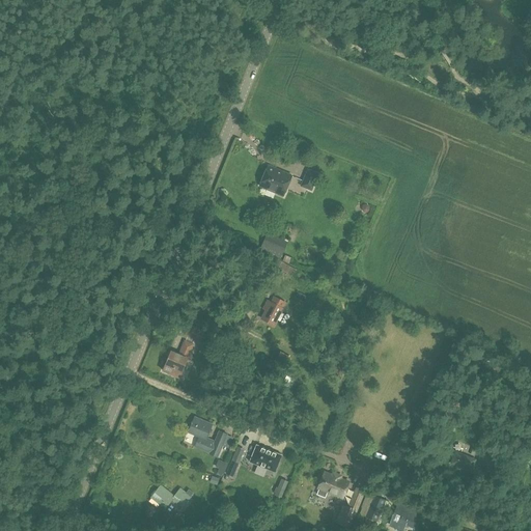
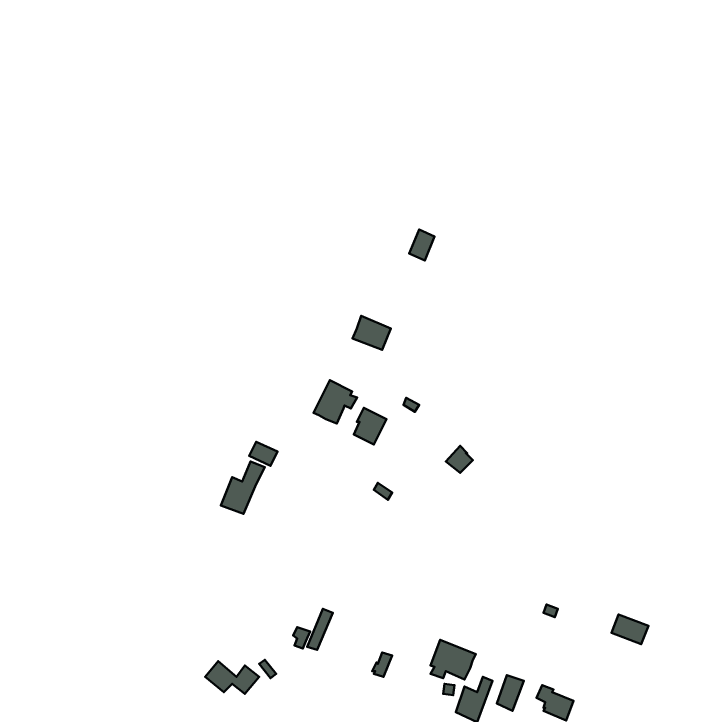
building: [258,165,291,195] -> none
building: none -> [314,380,357,423]
building: [188,416,227,456] -> none
building: [248,443,281,473] -> none

